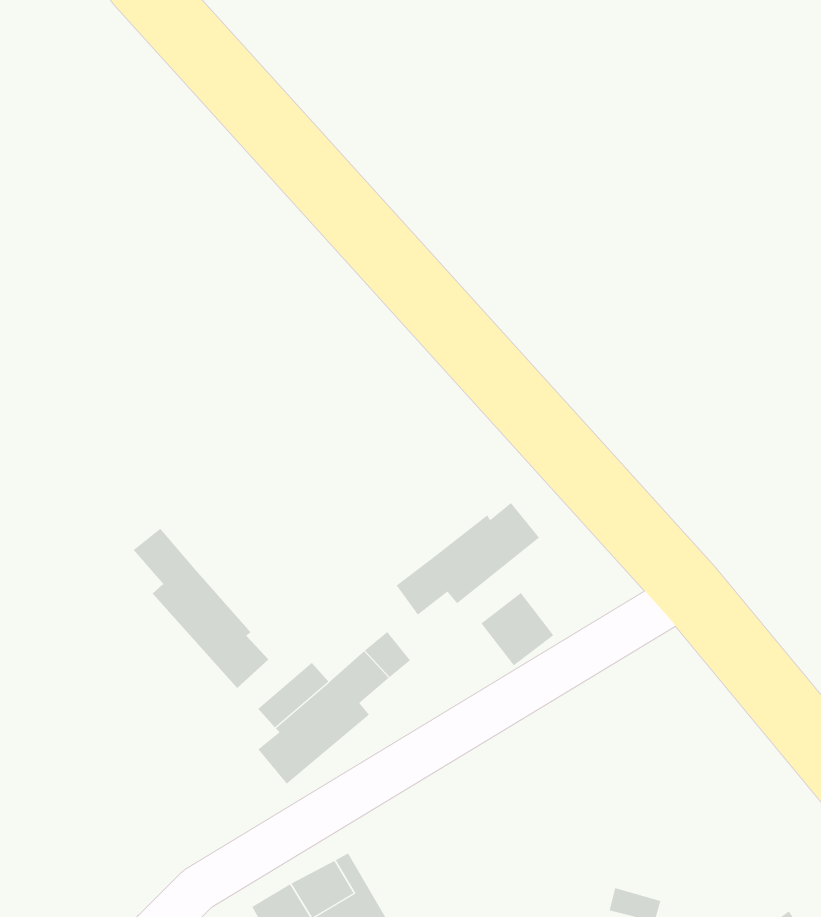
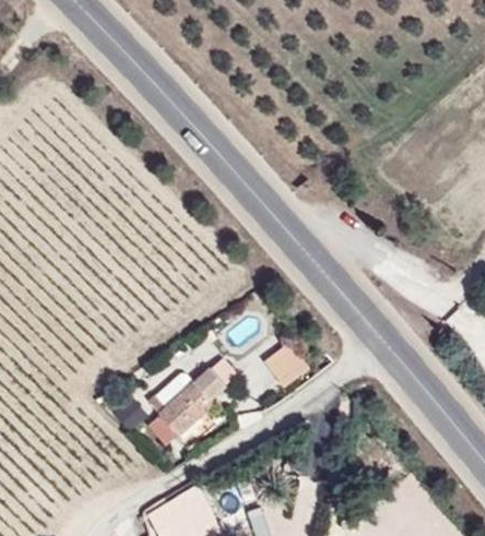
building: [396,502,540,615] -> none
building: [133,528,269,689] -> none

